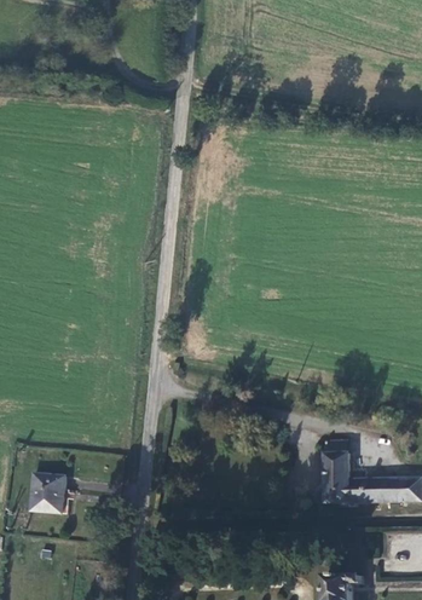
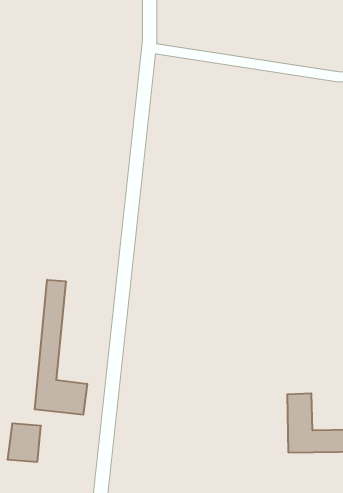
building: none -> [35,280,87,415]

